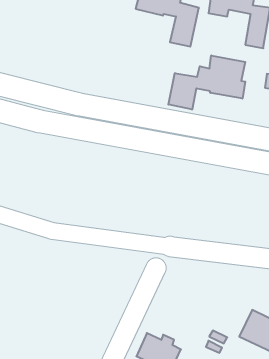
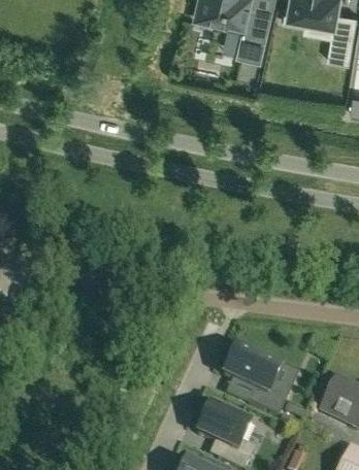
building: [168,55,245,110] -> none
building: none -> [223,347,288,416]

